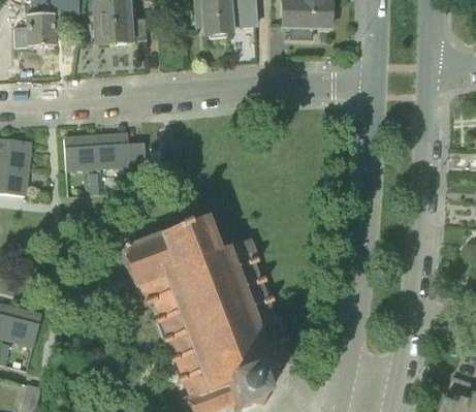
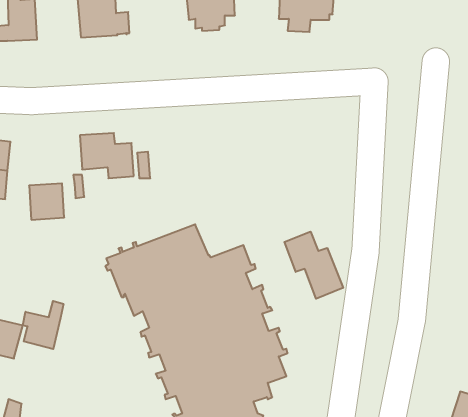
building: [64,135,97,169] -> [29,183,64,220]
building: none -> [284,232,343,299]
building: none -> [23,301,63,349]

